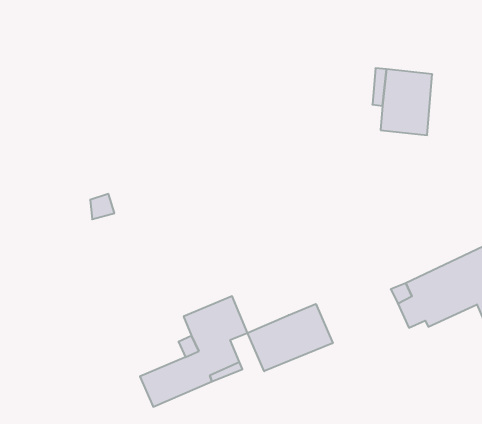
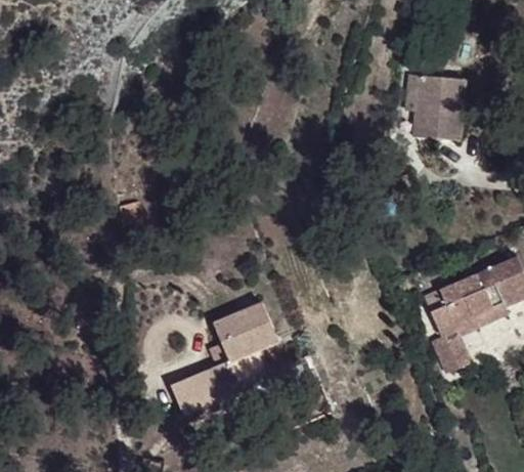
building: [247,304,333,371] -> none
building: none -> [435,329,472,369]

